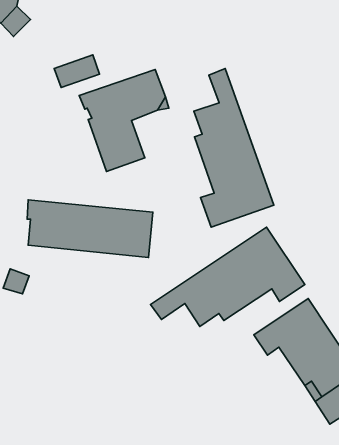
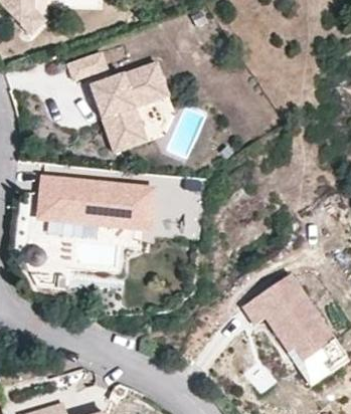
building: [194,69,274,227] -> none
building: [151,227,305,327] -> none

